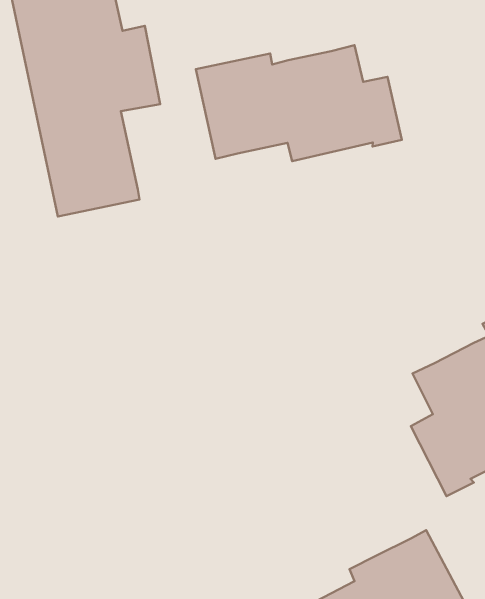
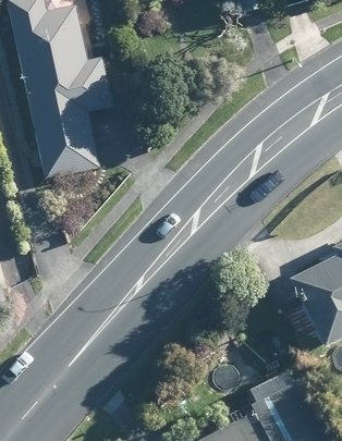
building: [196,45,402,161] -> none

